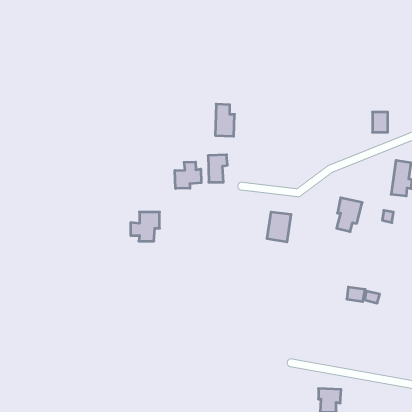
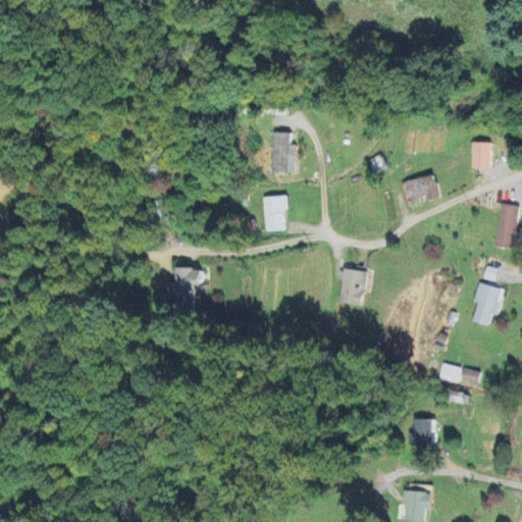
building: none -> [403,174,439,205]
building: [175,162,201,189] -> none
building: [337,198,362,232] -> [472,282,505,325]
building: none -> [409,419,435,445]

